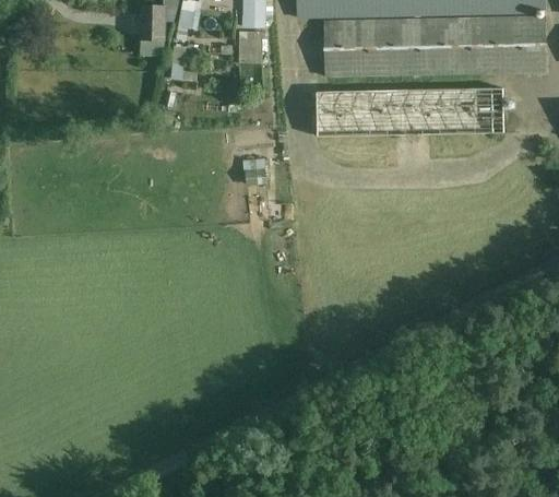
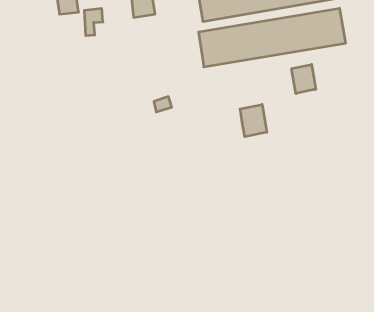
building: none -> [292,64,316,94]
building: none -> [240,104,267,137]

